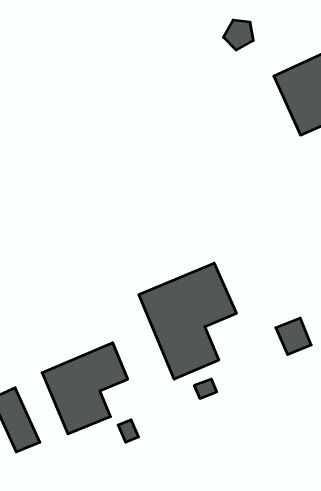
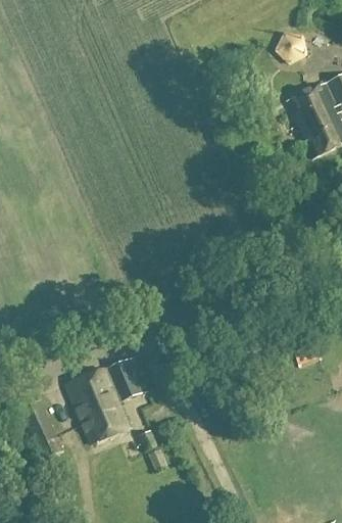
building: [223,20,253,50] -> [276,34,304,62]
building: [139,263,236,379] -> none

